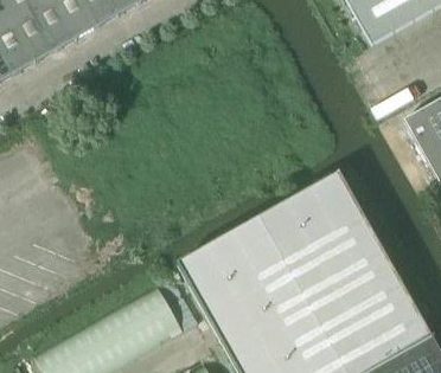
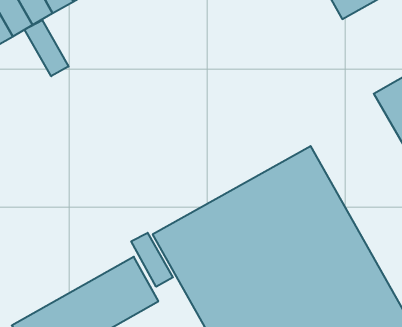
building: none -> [25,20,69,76]
building: none -> [131,233,173,287]

